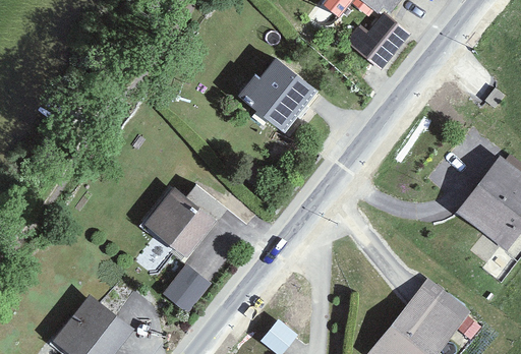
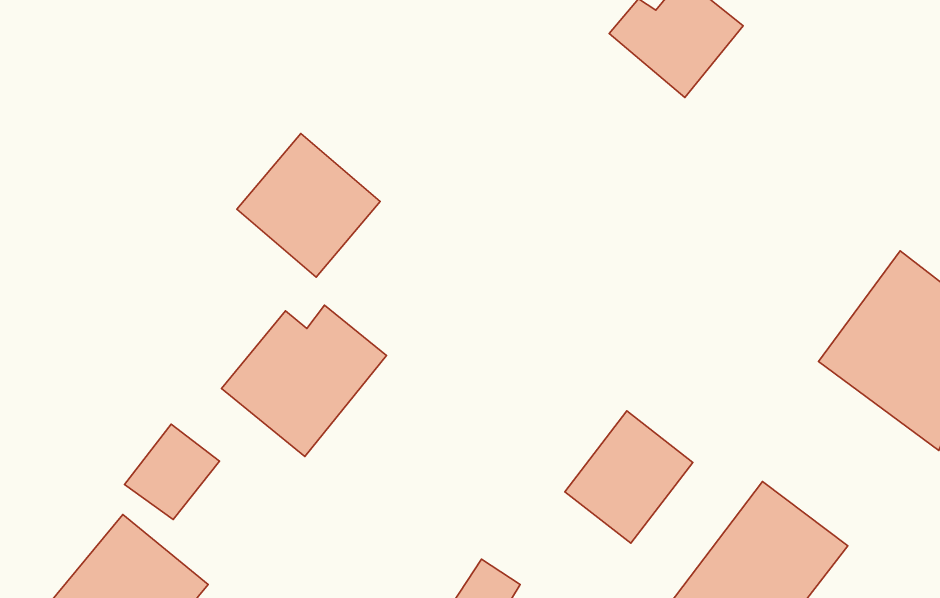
building: [240,55,315,130] -> [237,134,380,277]
building: none -> [565,411,693,543]
building: [163,263,213,313] -> [125,424,220,519]

